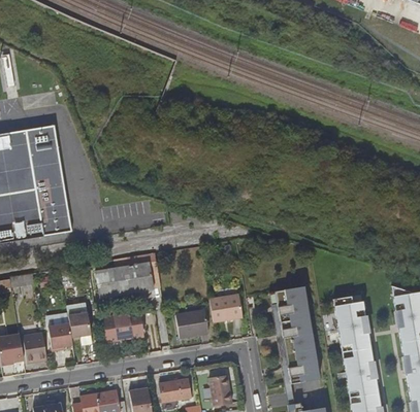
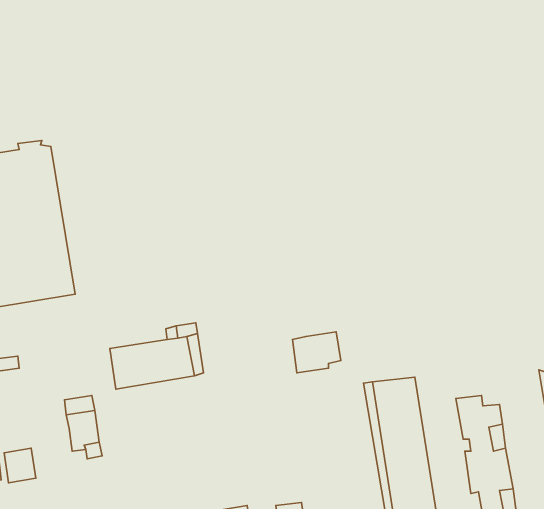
building: [211,293,244,320] -> [292,332,341,373]
building: [177,308,211,334] -> none
building: [103,311,143,340] -> none
building: [47,323,72,352] -> none

